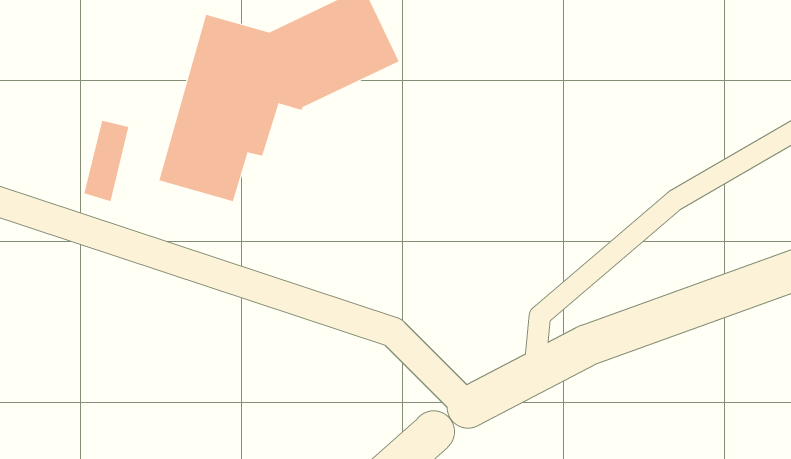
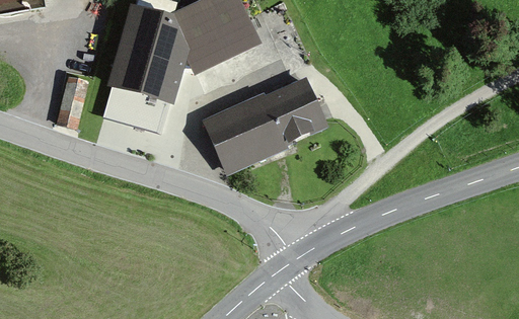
building: none -> [206,85,326,168]

